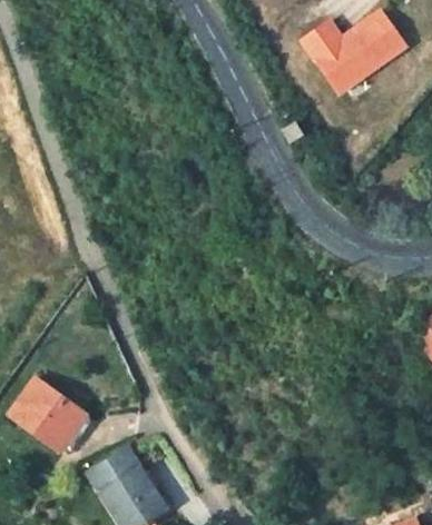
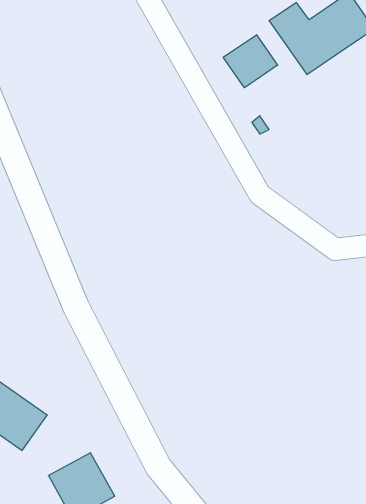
building: none -> [223,35,278,88]

